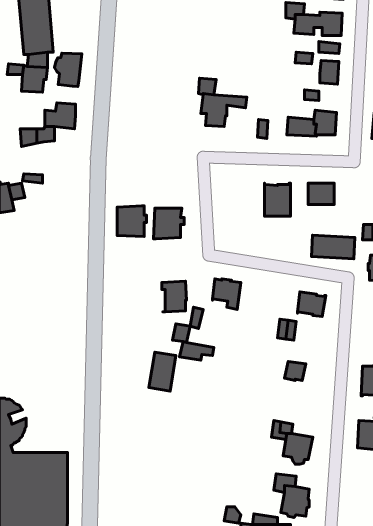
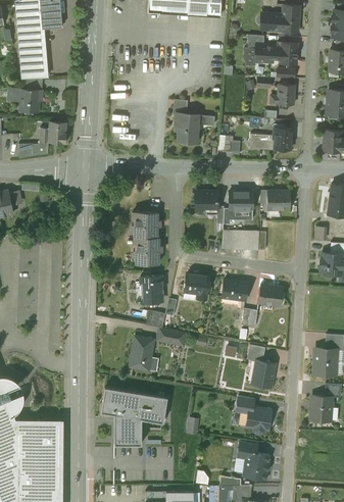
building: [55,53,82,87] -> none
building: none -> [195,191,217,211]
building: [117,206,147,237] -> [136,238,161,264]
building: [311,235,355,259] -> [222,230,259,250]
building: none -> [222,280,247,300]
building: none -> [252,360,276,387]
building: none -> [101,387,166,445]

